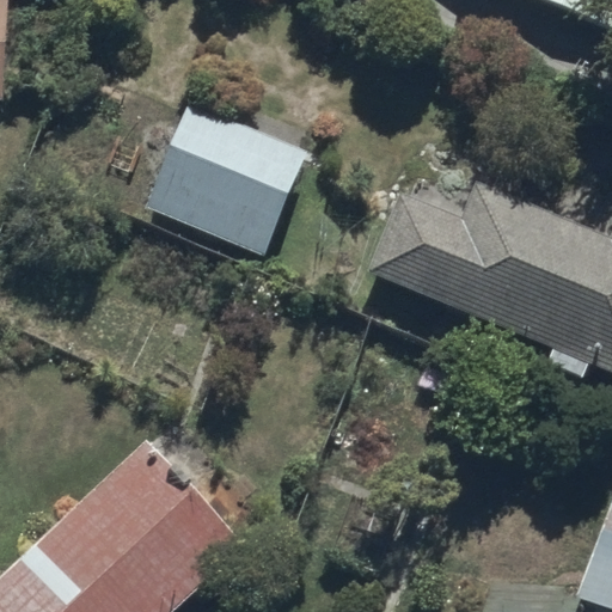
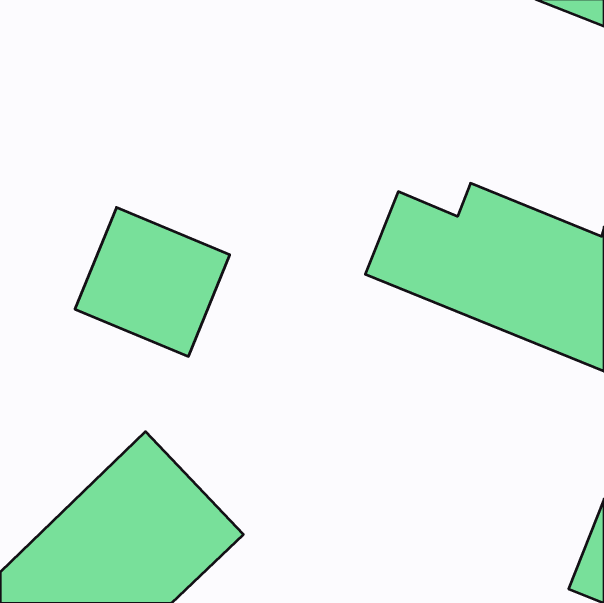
building: [151,105,307,256] -> [75,207,230,356]

